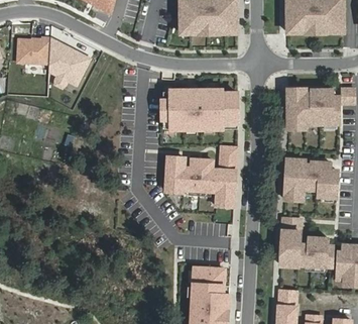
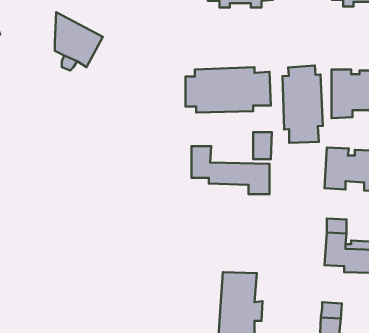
building: [16,37,49,65] -> none
building: none -> [283,66,323,143]

